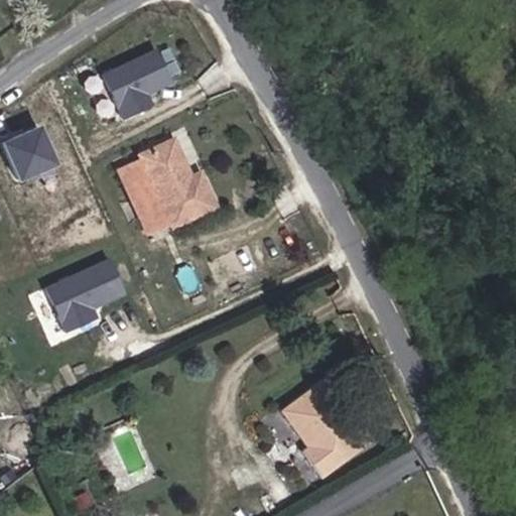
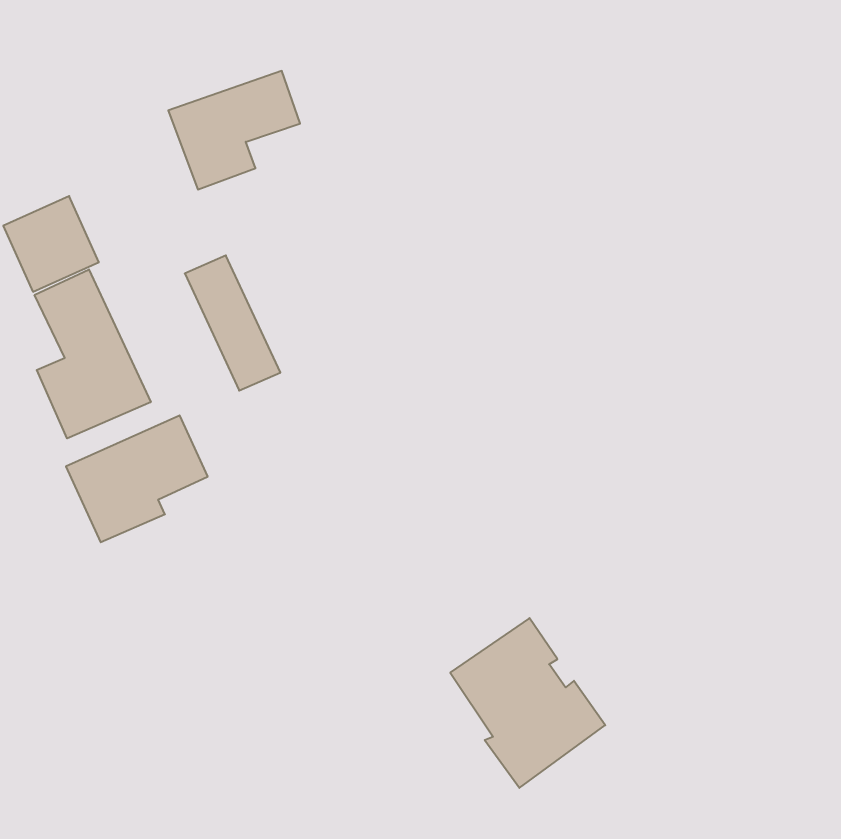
building: [139,143,215,230] -> none
building: none -> [35,269,151,438]

